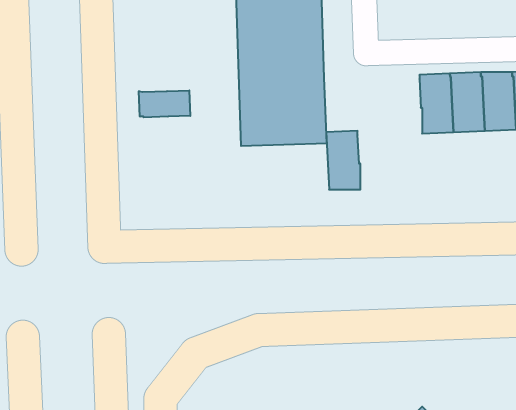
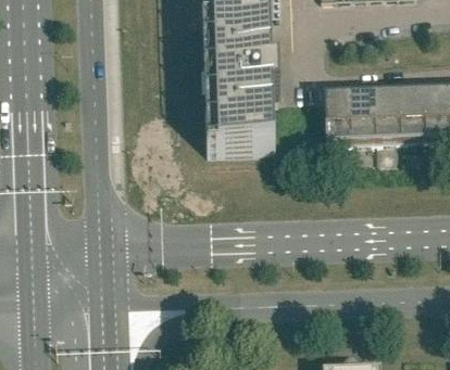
building: [139,90,190,117] -> none
building: [326,131,360,190] -> [325,91,352,138]

